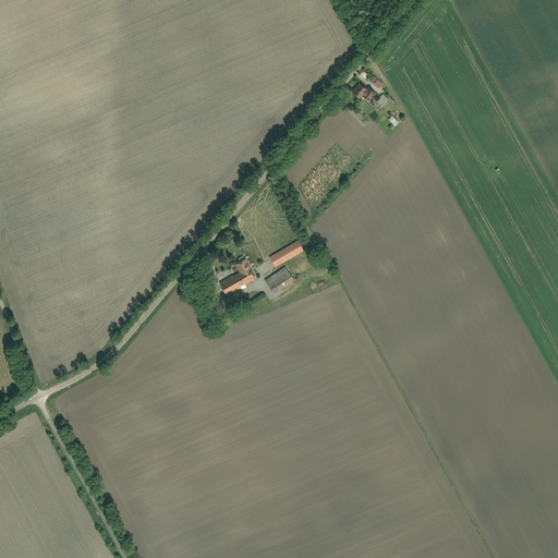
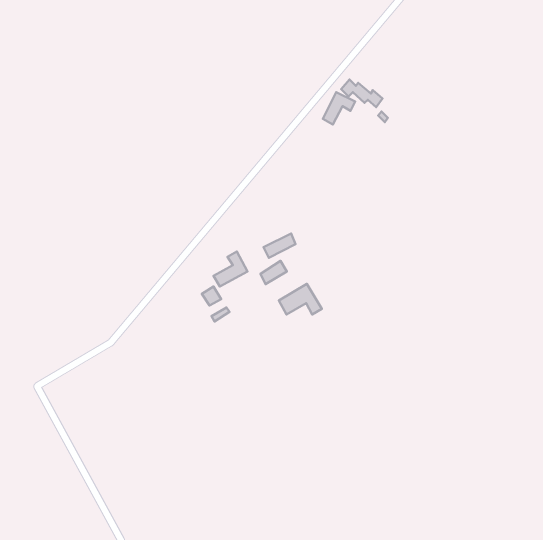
building: none -> [323,92,355,124]
building: none -> [279,284,322,314]

